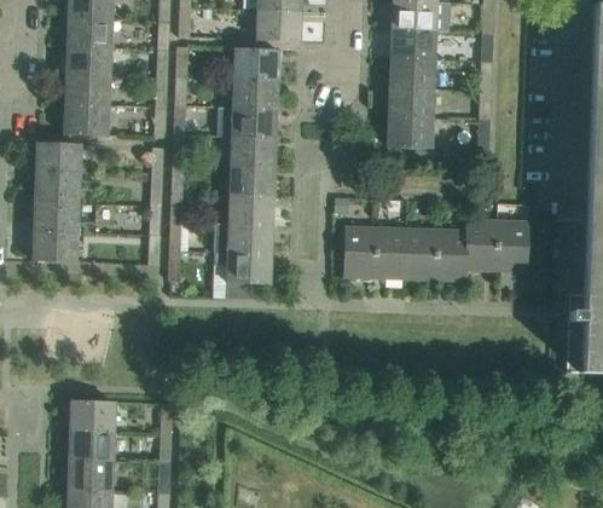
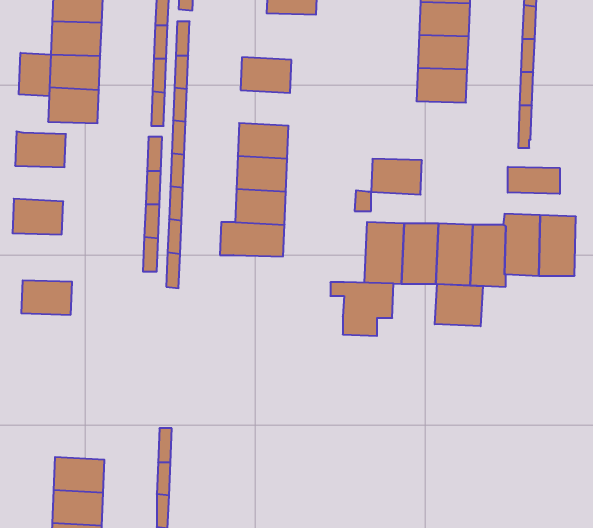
building: [234,50,279,81] -> none
building: none -> [19,53,51,96]
building: [218,108,277,139] -> none
building: [387,117,431,149] -> [371,159,422,195]
building: [34,174,79,206] -> none
building: none -> [508,167,560,194]
building: [31,233,76,264] -> [21,280,72,315]
building: [215,253,271,300] -> [330,282,394,336]
building: none -> [435,284,483,326]
building: [70,402,115,433] -> none

